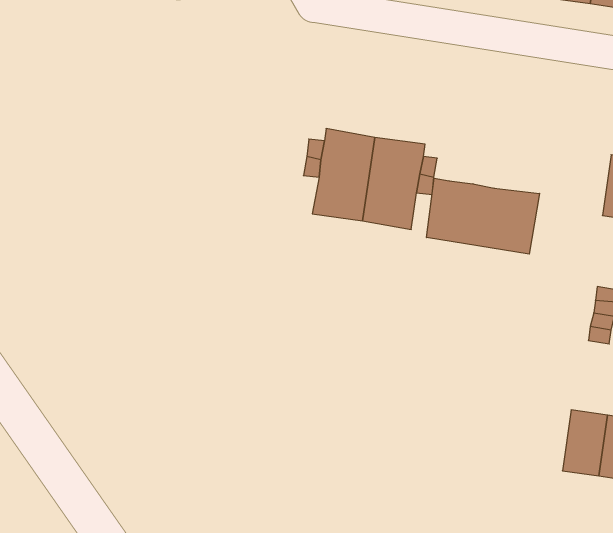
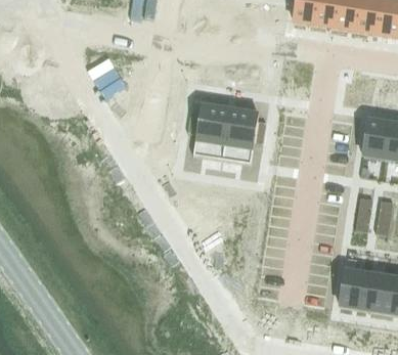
building: [427,178,540,254] -> none

